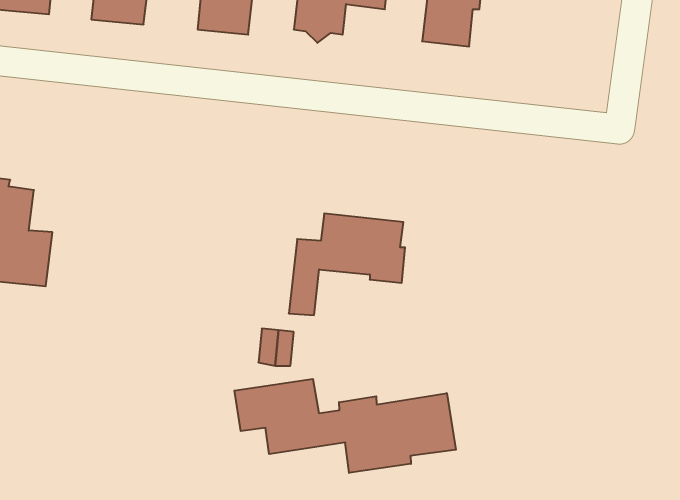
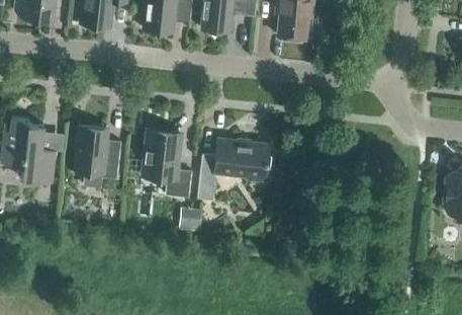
building: none -> [75,125,121,187]
building: none -> [143,132,191,198]
building: [234,379,456,473] -> none

